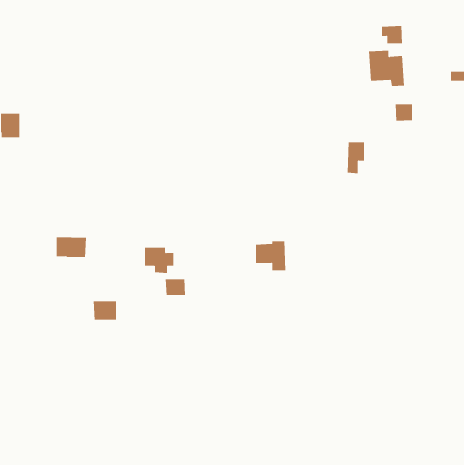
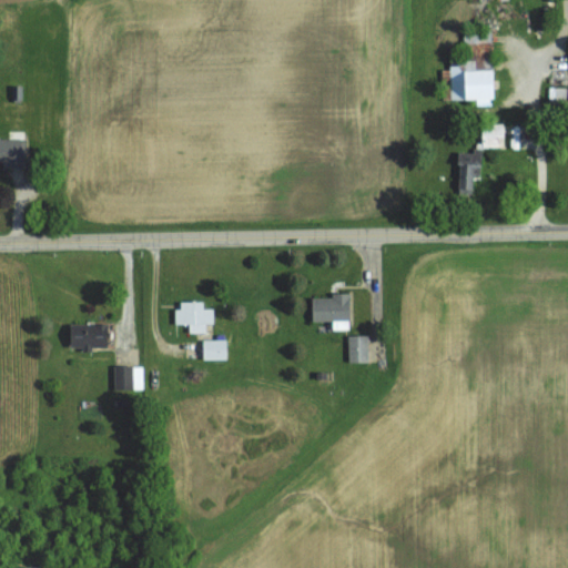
building: [347,142,365,174] -> [459,153,481,192]
building: [56,237,87,258] -> [71,324,109,349]
building: none -> [349,336,369,363]

